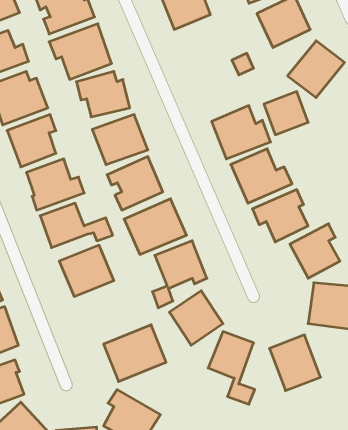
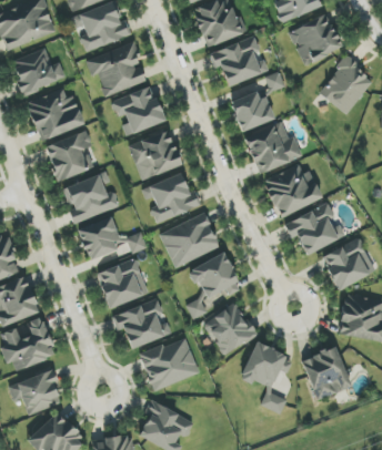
building: none -> [210,37,264,85]
building: [264,92,308,135] -> [230,90,273,132]
building: none -> [113,298,171,349]

